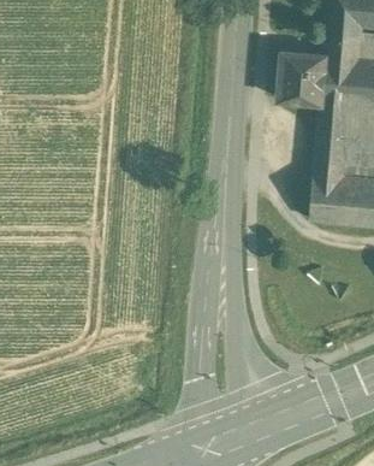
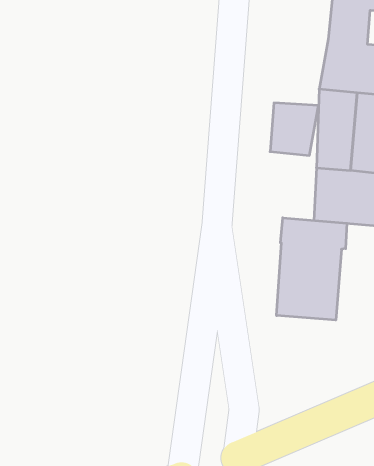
building: [279,53,323,101] -> [270,103,319,155]
building: none -> [277,218,347,320]

